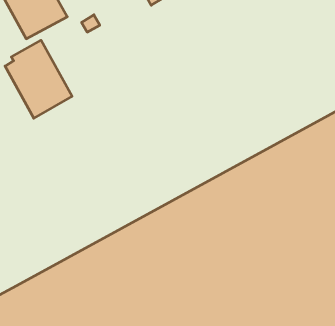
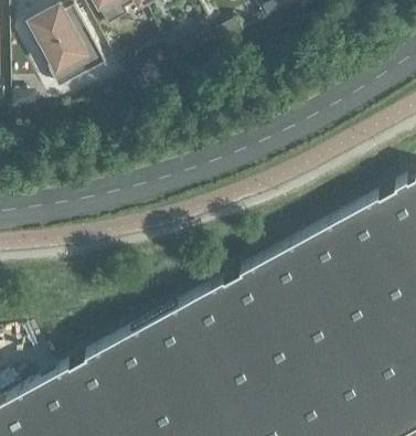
building: [5,40,72,118] -> none

